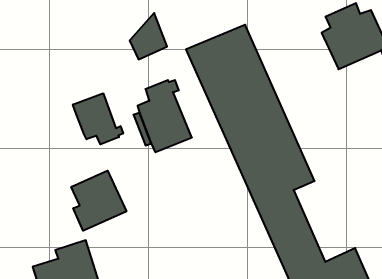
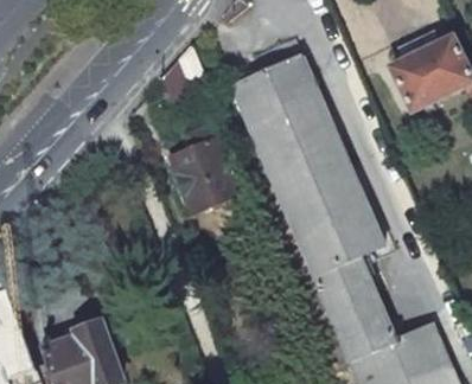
building: [73,93,123,144] -> none
building: [71,171,126,231] -> none

